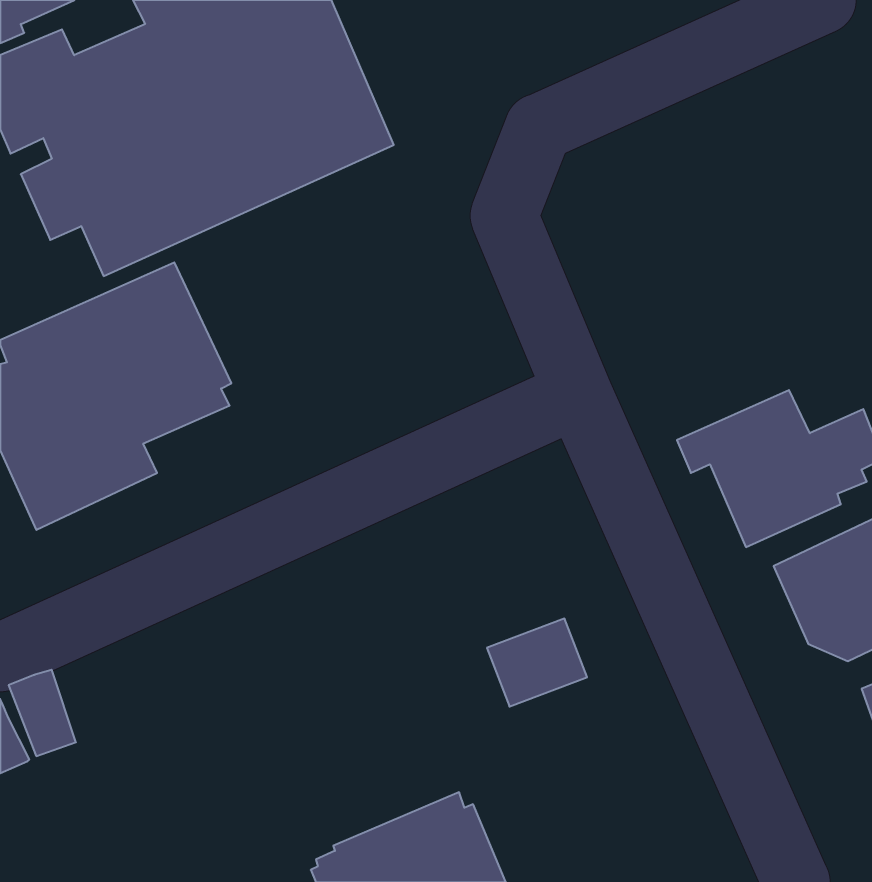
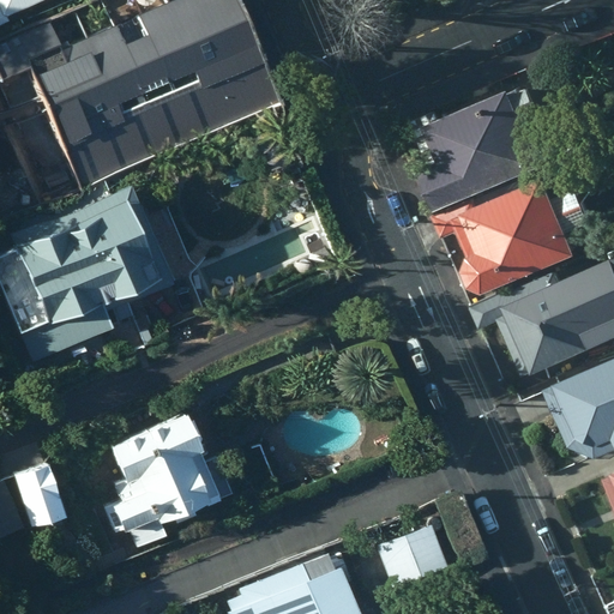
building: none -> [413,90,549,211]
building: none -> [440,181,592,296]
building: none -> [104,414,213,546]
building: [487,619,587,707] -> [375,519,445,580]

